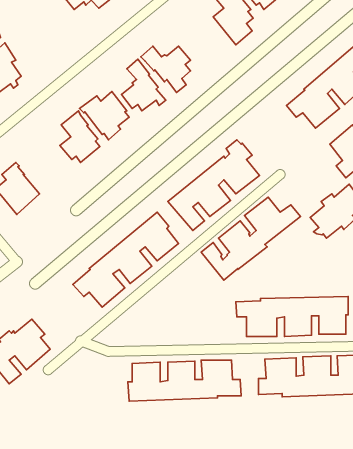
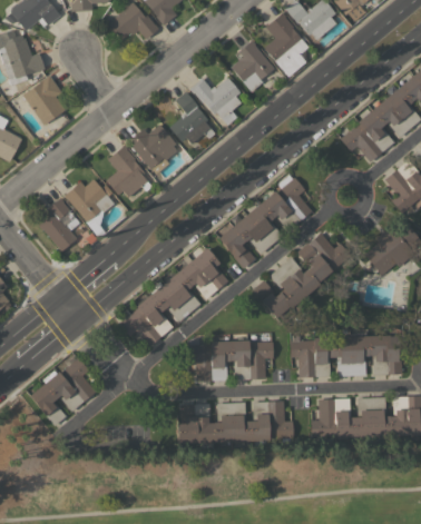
building: none -> [231,40,274,91]
building: none -> [63,179,114,239]
building: none -> [186,340,270,382]

